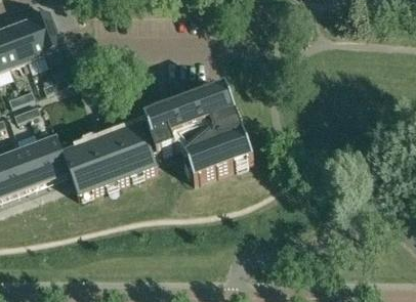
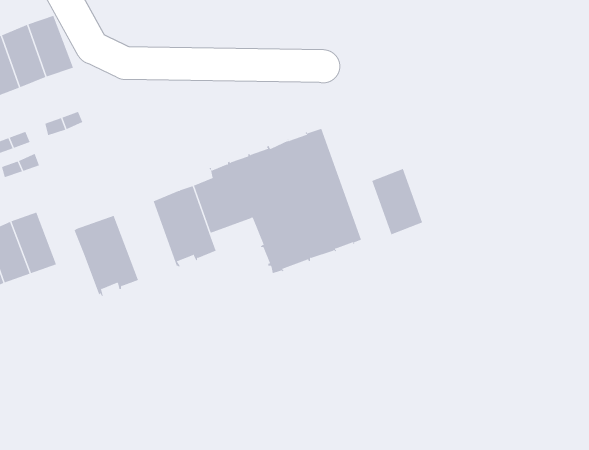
building: none -> [371,168,423,235]
building: [34,137,65,179] -> none
building: [85,137,126,190] -> none

